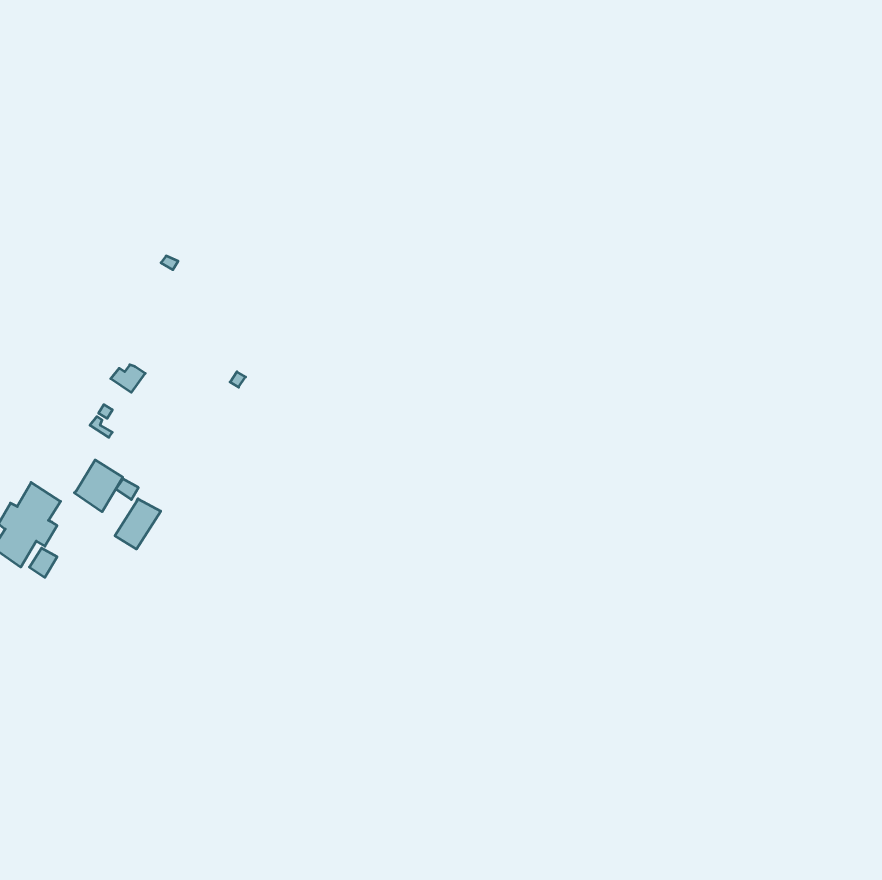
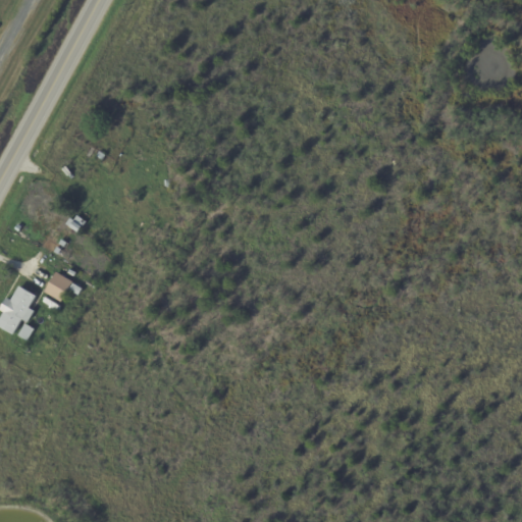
building: [115,499,161,549] -> none

